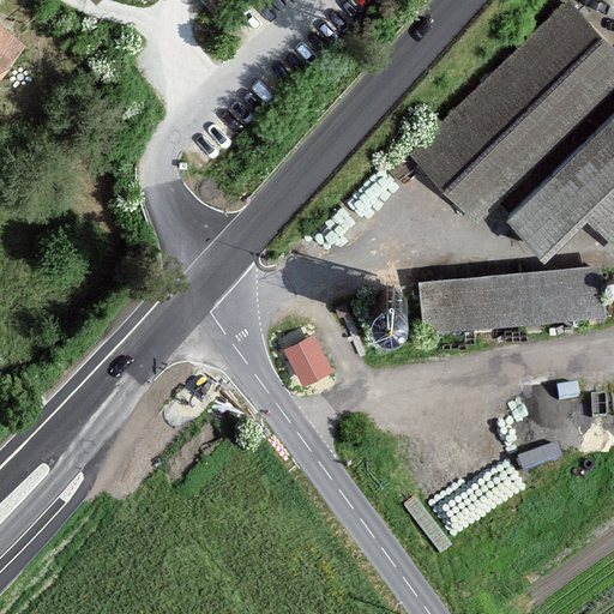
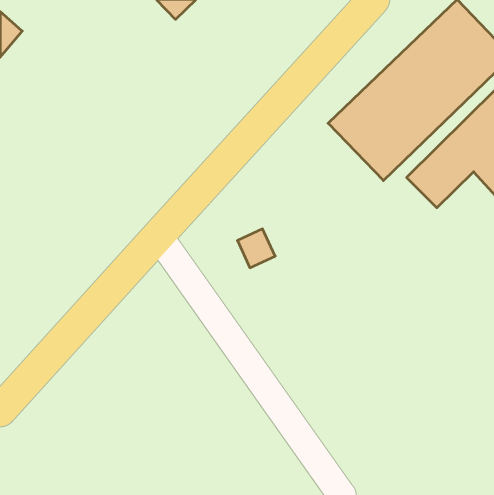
building: [417,265,608,333] -> none
building: [285,337,332,385] -> [237,229,275,268]

